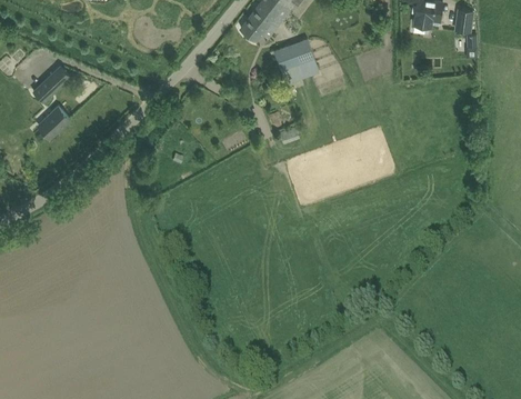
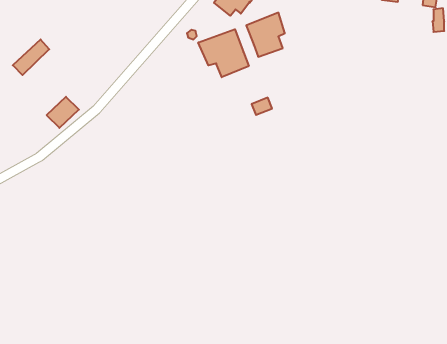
building: none -> [198,29,249,77]
building: [36,107,69,139] -> [47,97,79,128]

